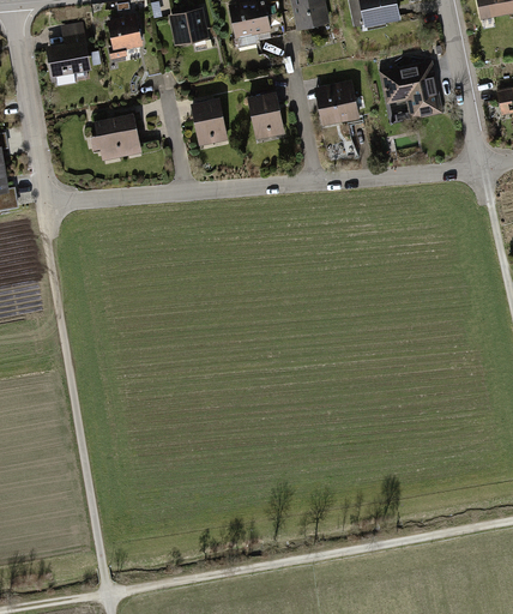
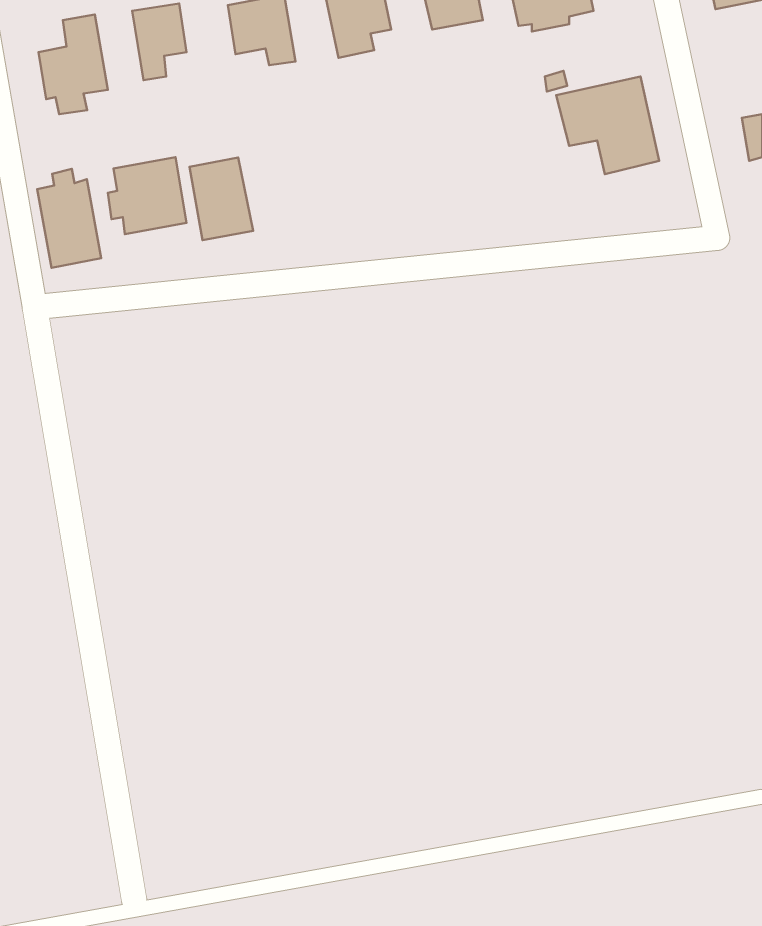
building: [313,80,357,132] -> none
building: [246,91,285,144] -> none
building: [188,96,229,149] -> [189,158,253,240]
building: none -> [37,169,101,268]

